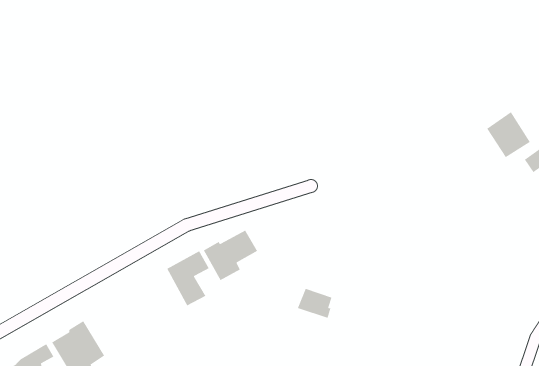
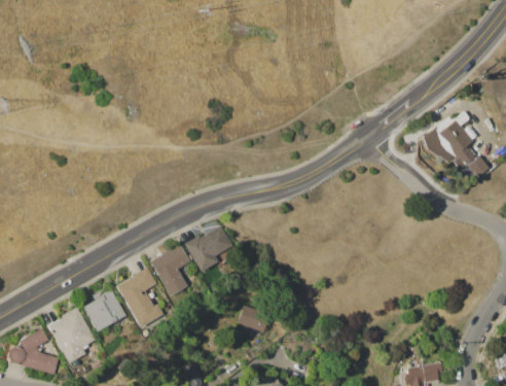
building: none -> [117,267,165,330]
building: [297,288,333,319] -> [239,306,270,334]
building: none -> [82,290,127,334]

